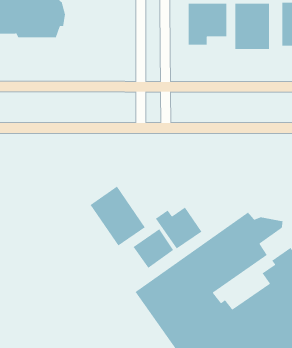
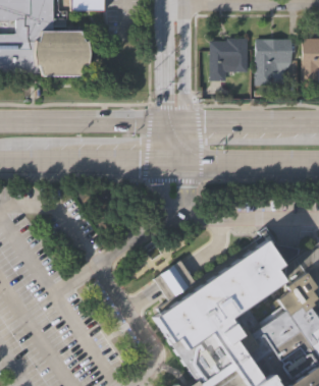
building: [89,186,146,247] -> none
building: [155,207,202,250] -> none

